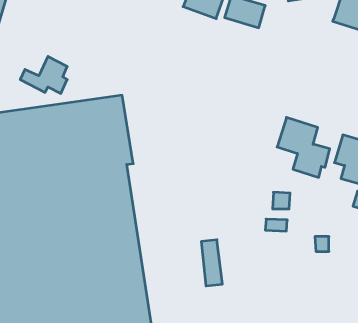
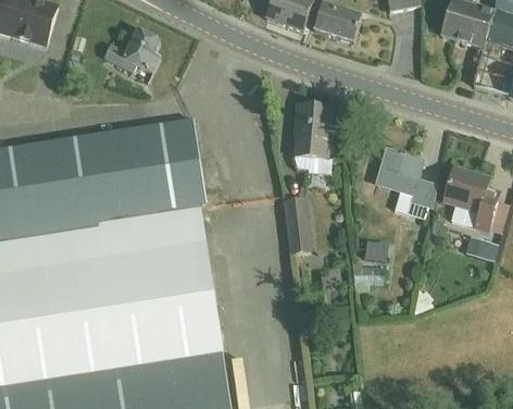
building: [20,56,67,93] -> [103,28,159,72]
building: none -> [295,103,330,158]
building: [201,240,222,286] -> [285,198,310,252]

